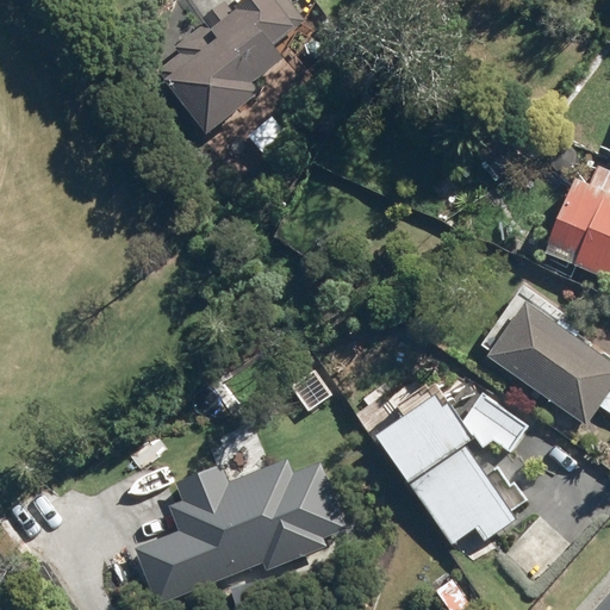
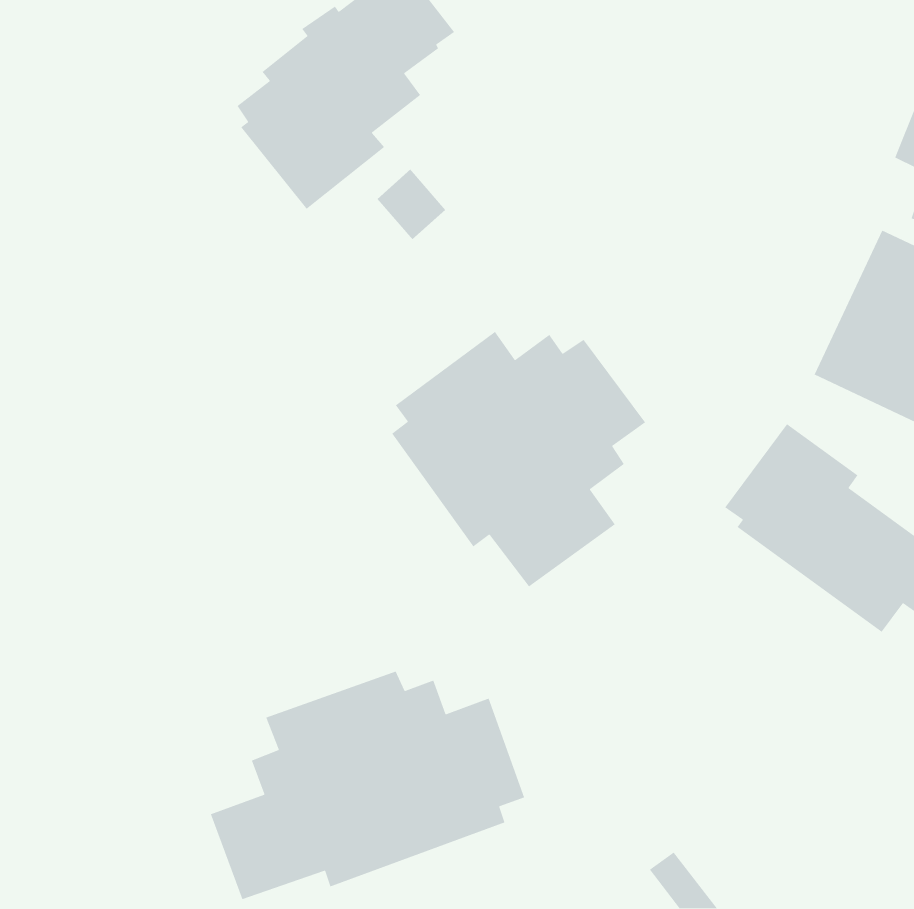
building: none -> [391,331,646,588]
building: [373,394,529,548] -> none

